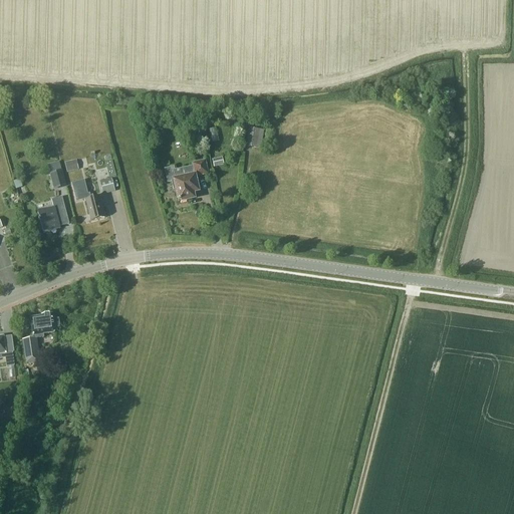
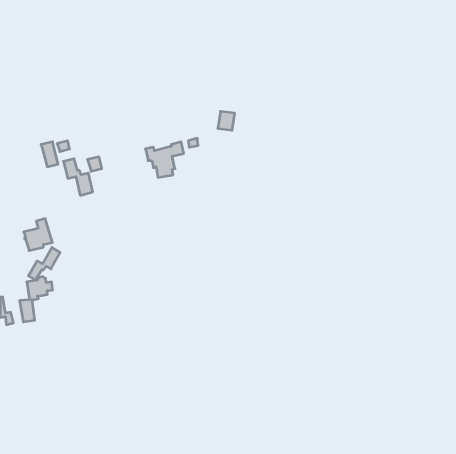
building: [37,196,69,232] -> [24,219,52,251]
building: none -> [28,247,60,280]

